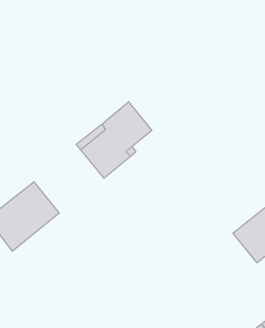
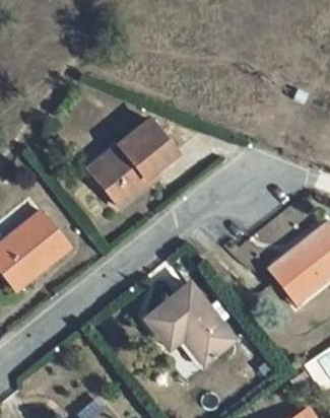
building: none -> [146,284,235,363]

